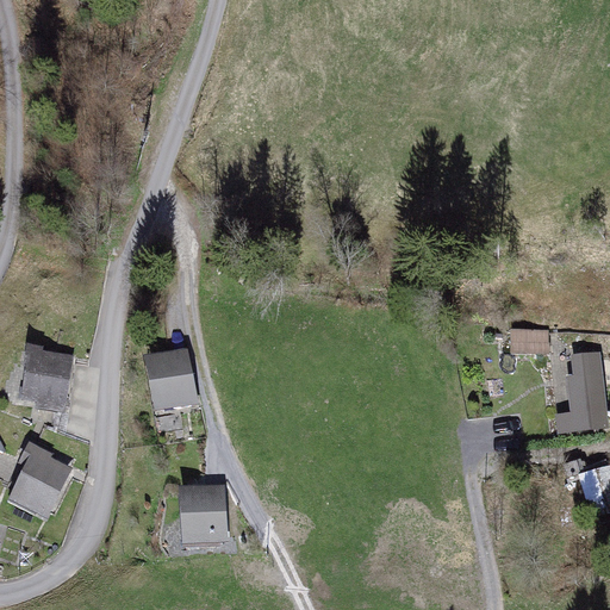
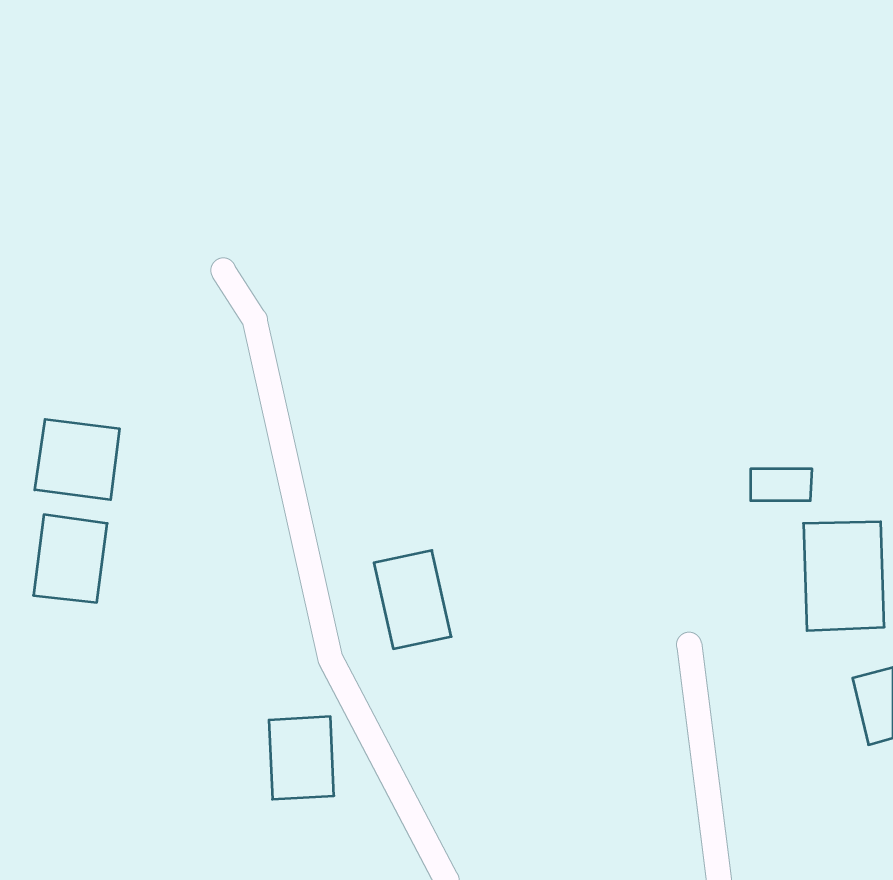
building: none -> [35,419,119,500]
building: [147,351,199,418] -> [374,550,451,649]
building: [11,447,76,518] -> none

